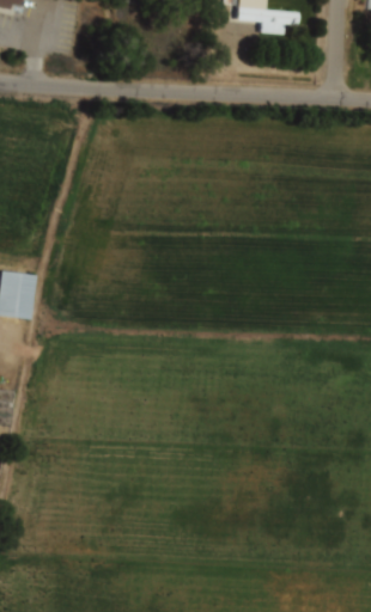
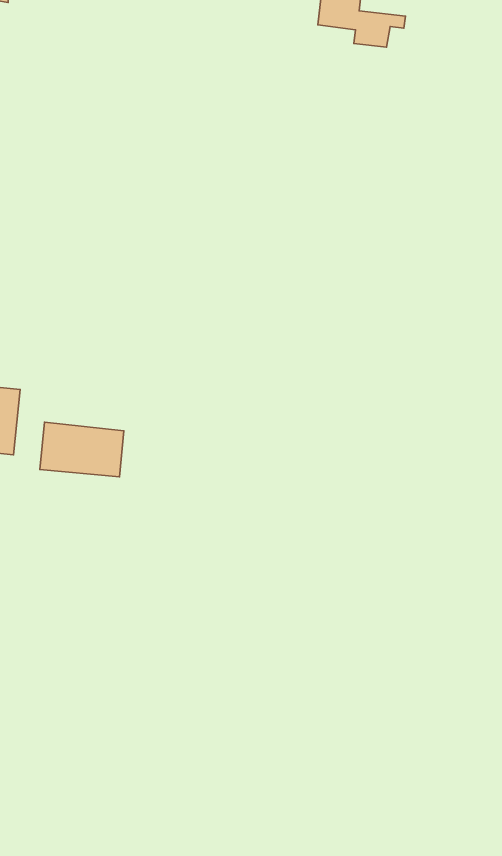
building: none -> [40,422,124,477]

